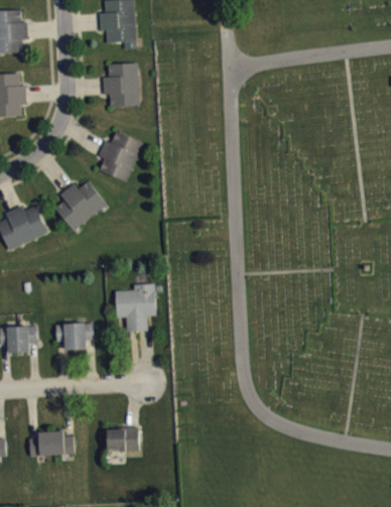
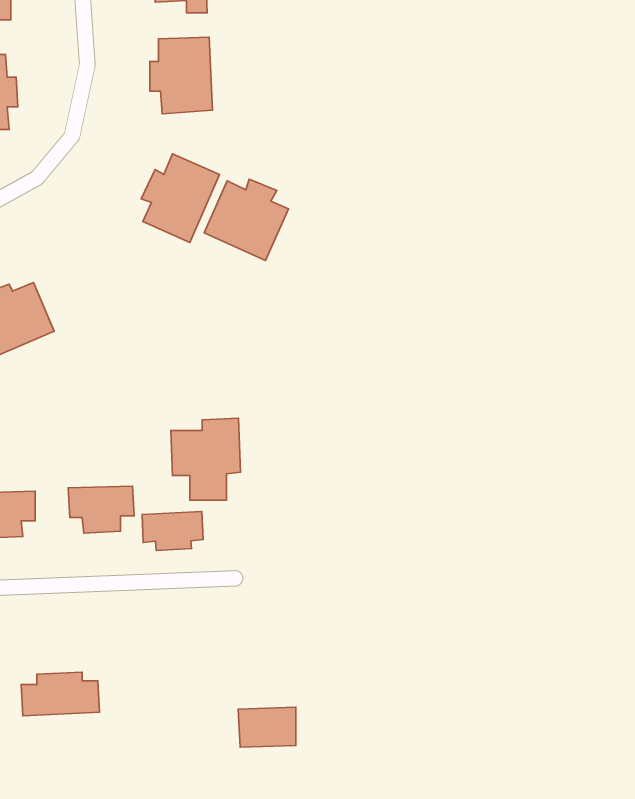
building: none -> [204,179,289,261]
building: [54,180,106,231] -> none
building: none -> [142,512,203,550]
building: [106,427,139,451] -> [238,707,296,747]

